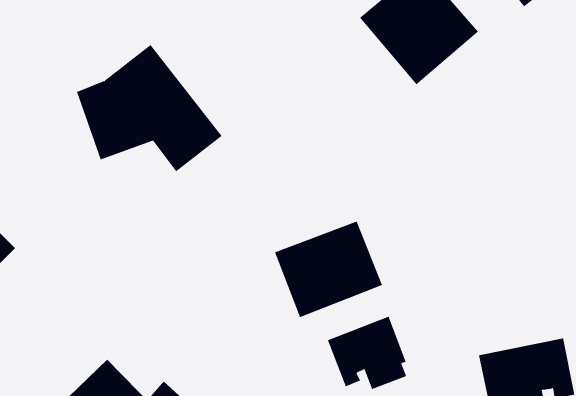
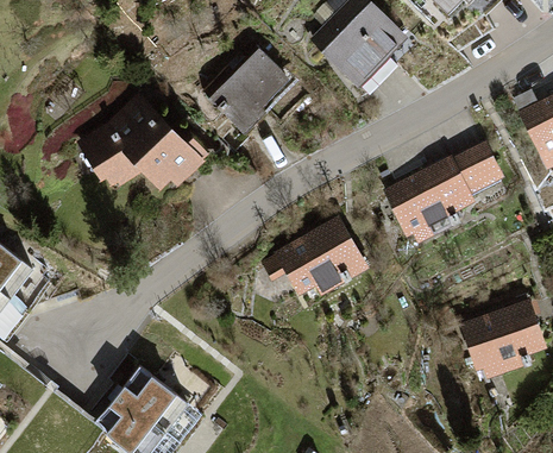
building: none -> [209,49,297,137]
building: none -> [383,140,508,247]
building: [327,316,407,390] -> none

